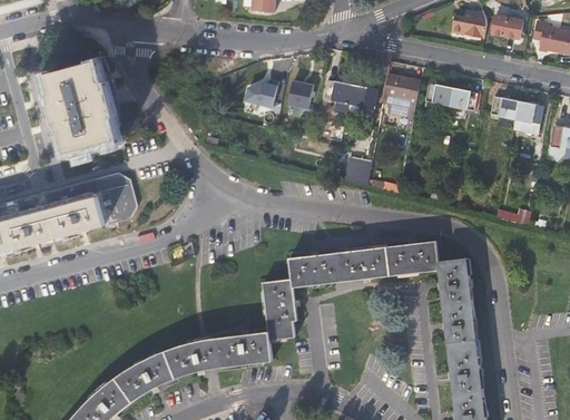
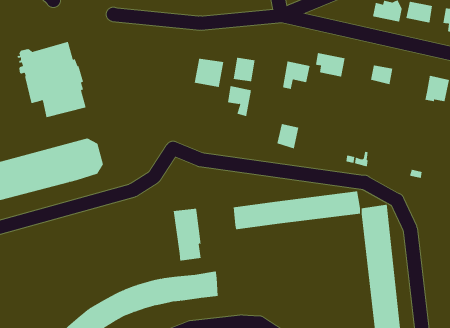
building: [323,78,352,115] -> [227,85,252,117]
building: [424,82,453,109] -> none
building: [490,96,519,120] -> none
building: [263,276,296,339] -> [173,208,201,261]

